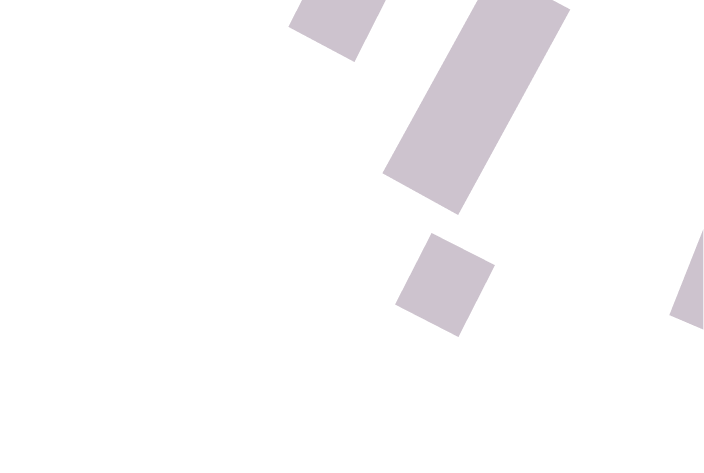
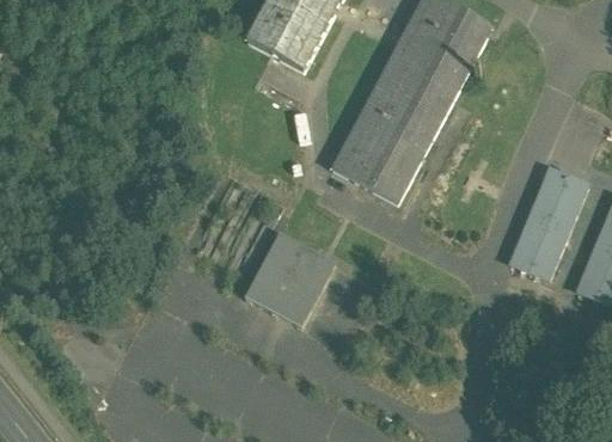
building: none -> [509,168,595,283]
building: [394,232,496,338] -> [245,234,333,326]

